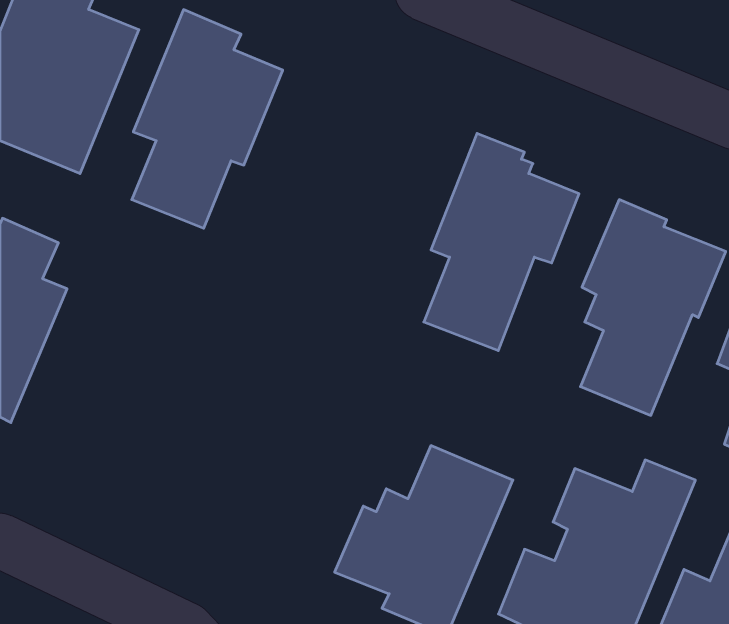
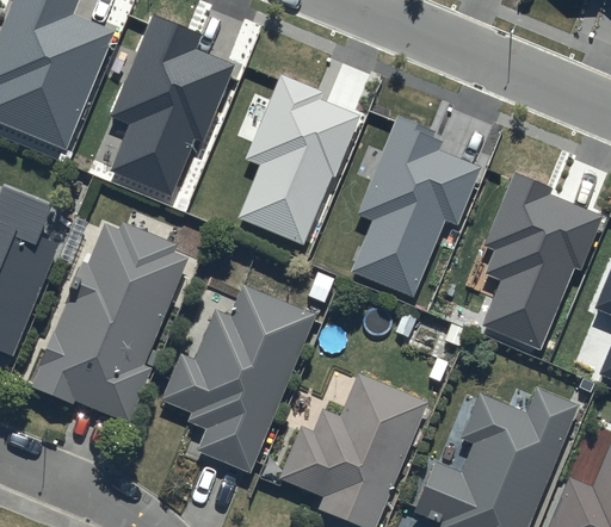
building: none -> [236,74,360,246]
building: none -> [30,221,186,423]
building: none -> [160,284,314,475]

